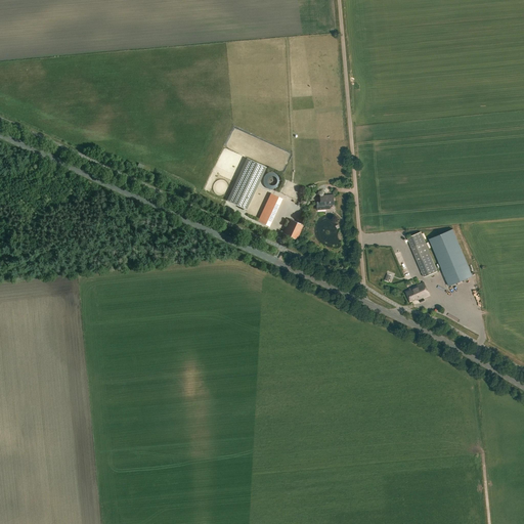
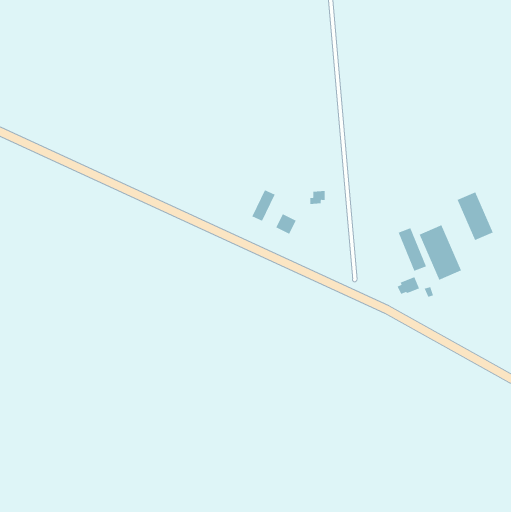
building: [226,159,265,210] -> none
building: none -> [457,191,493,241]

